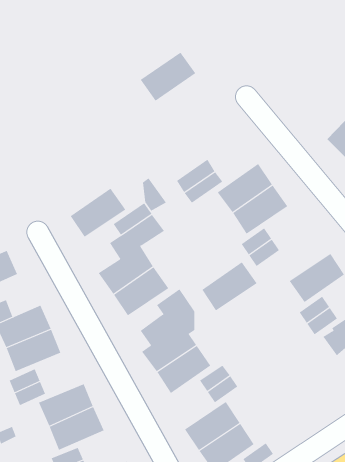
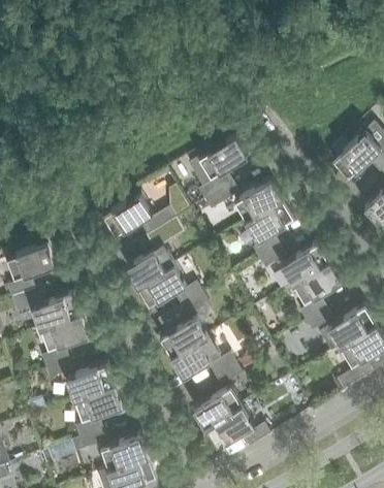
building: [140,52,196,101] -> [198,137,248,180]
building: [201,262,257,311] -> [281,243,330,286]

